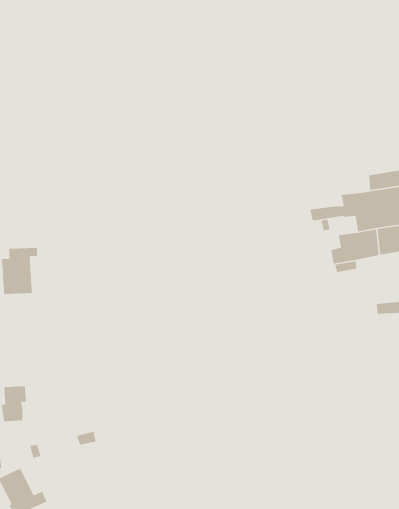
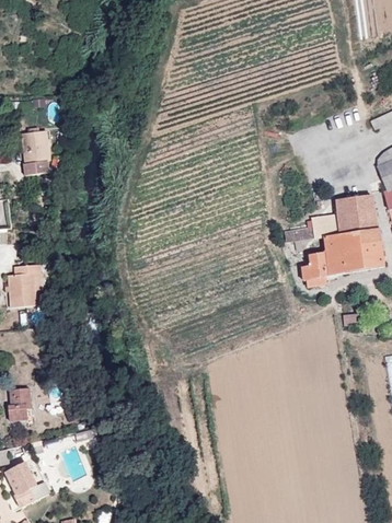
building: none -> [24,125,53,168]

